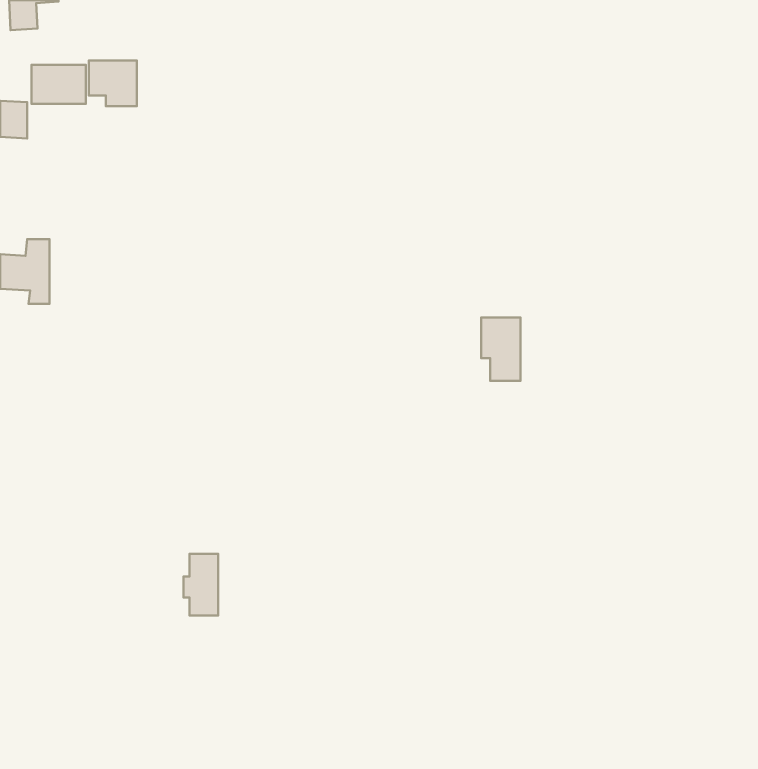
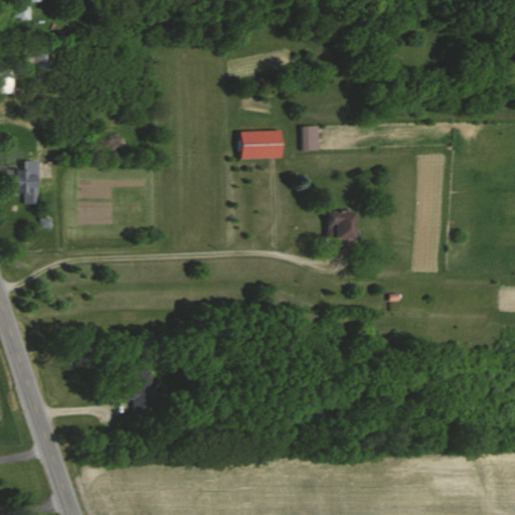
building: [89,60,137,106] -> none
building: none -> [304,126,320,149]
building: none -> [240,130,282,157]

